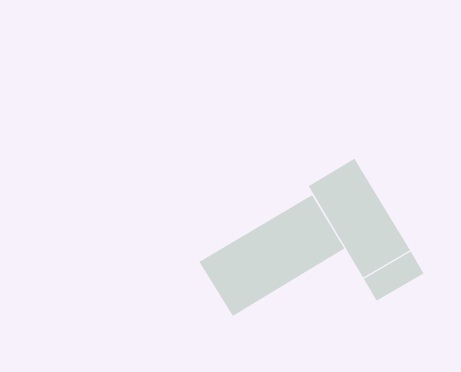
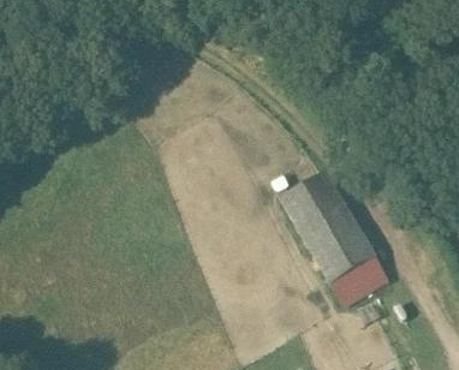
building: [199,194,345,317] -> none

